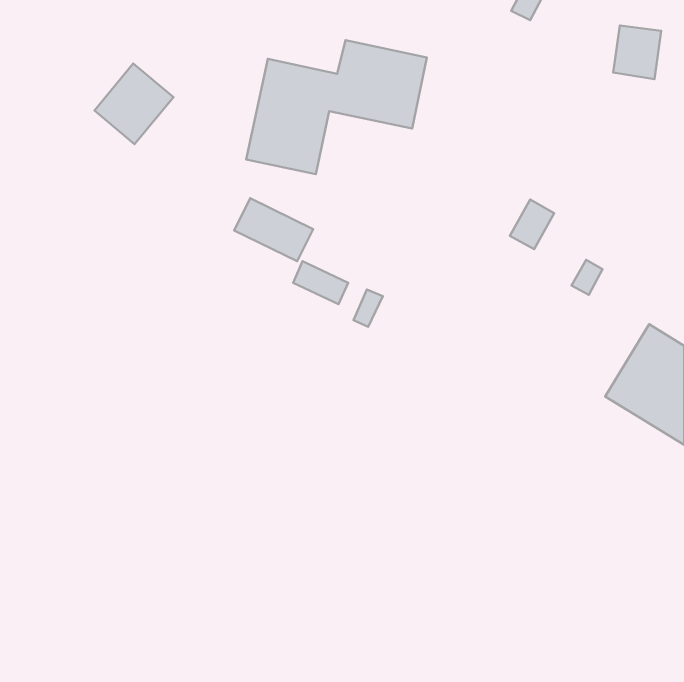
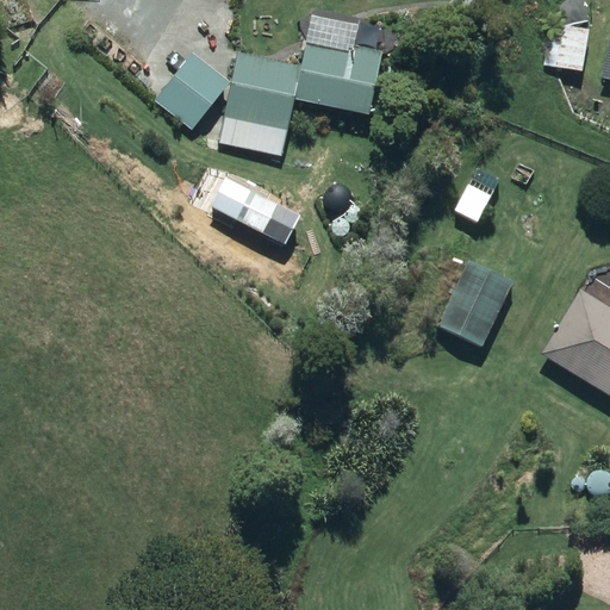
building: [94,64,173,144] -> [157,55,228,126]
building: none -> [437,260,512,344]

